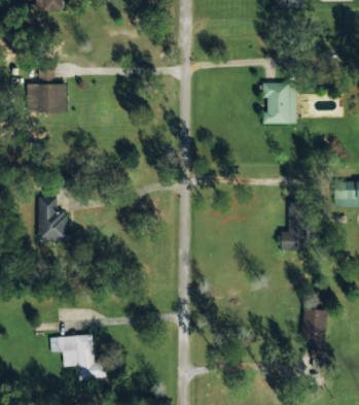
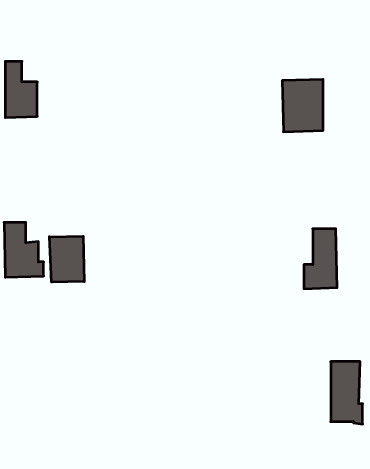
building: none -> [49,236,84,282]
building: [49,335,106,380] -> none

